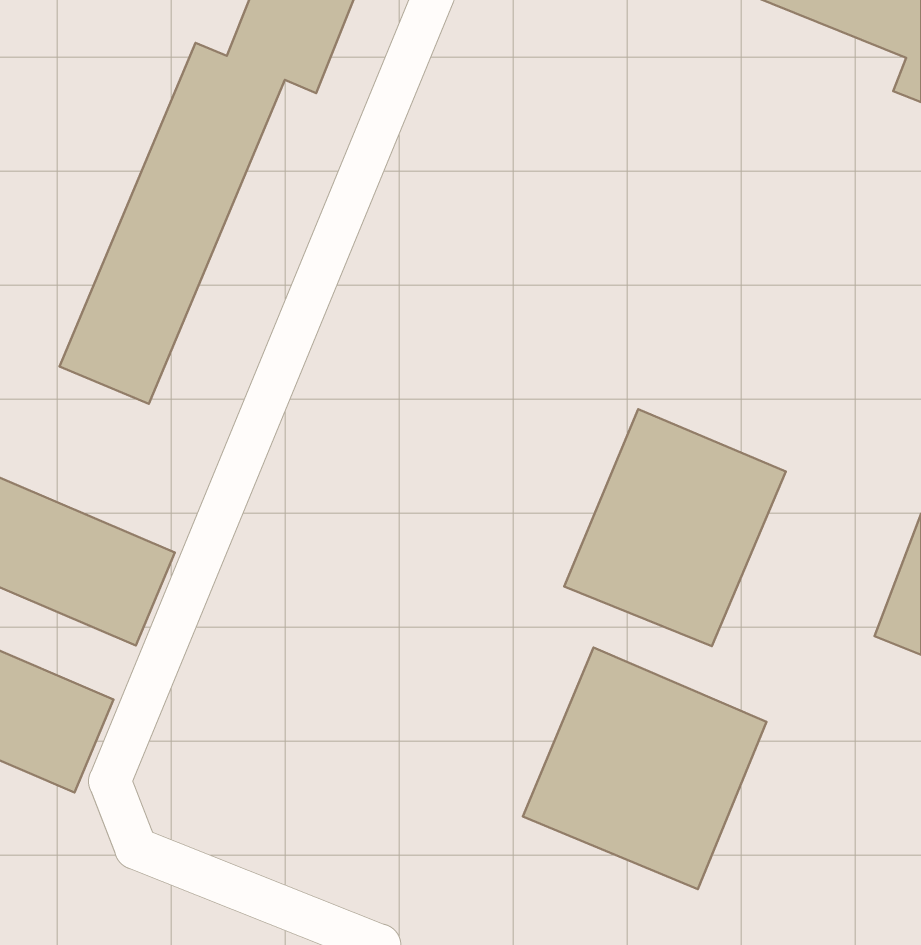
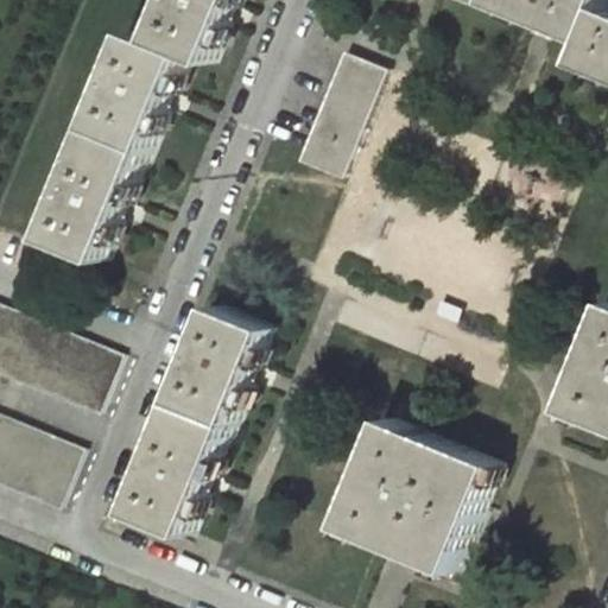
building: none -> [289,48,376,175]
building: [564,409,786,646] -> none
building: none -> [124,302,264,531]

